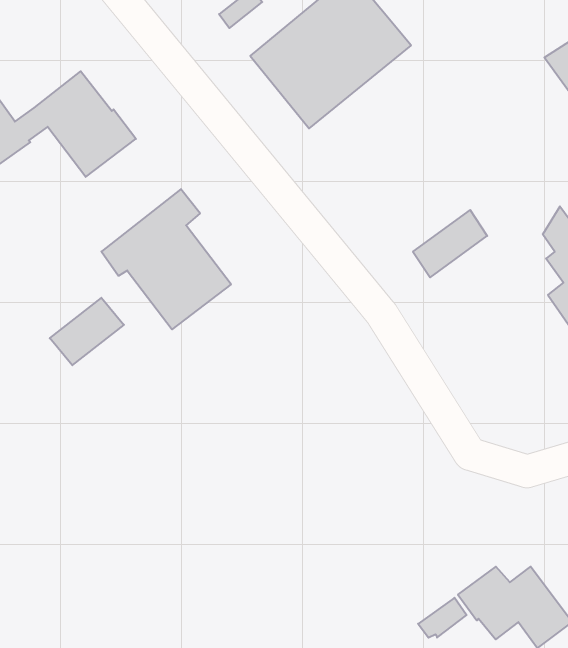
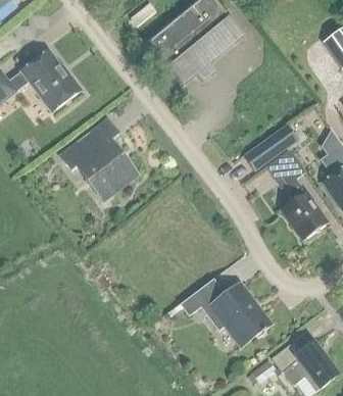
building: none -> [264,149,327,239]
building: [50,298,124,365] -> none
building: none -> [180,278,271,344]

